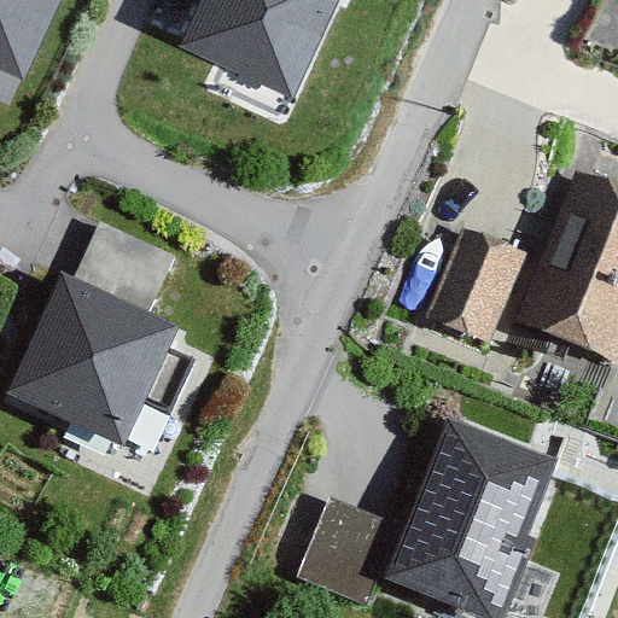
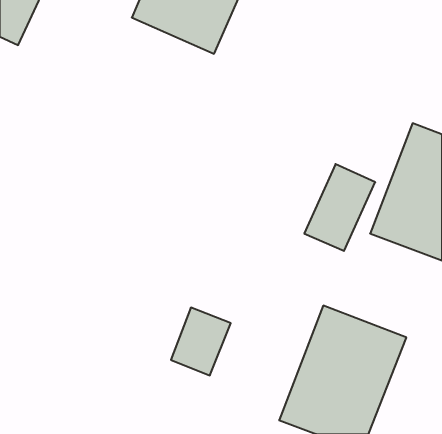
building: [10,218,182,448] -> none
building: [303,502,386,596] -> [171,308,231,375]

